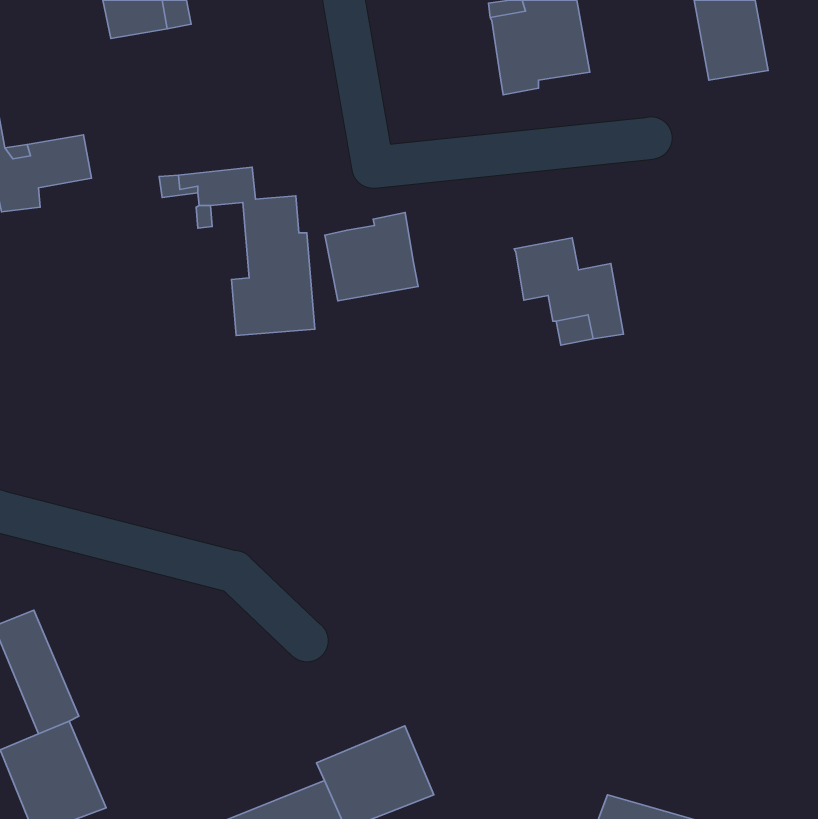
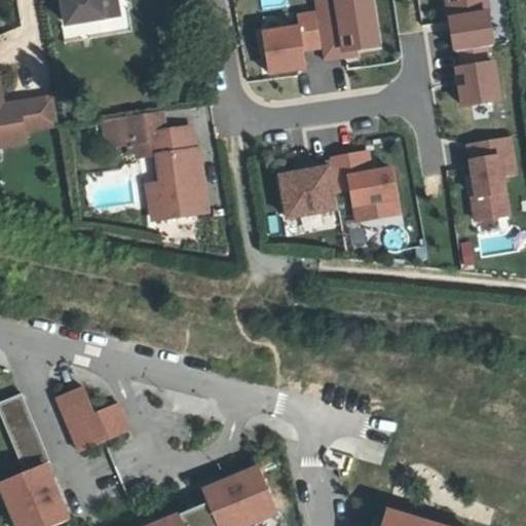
building: none -> [260,14,320,76]
building: none -> [450,59,497,103]
building: none -> [461,137,514,220]
building: [325,213,418,301] -> [278,162,338,219]
building: none -> [57,384,129,450]

